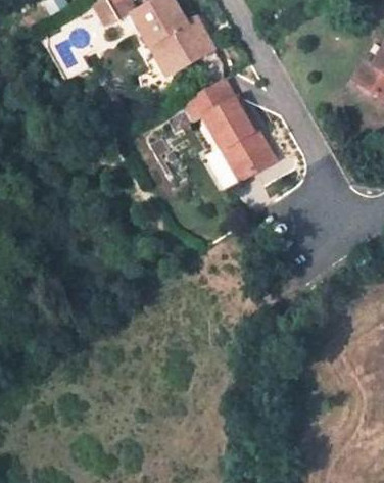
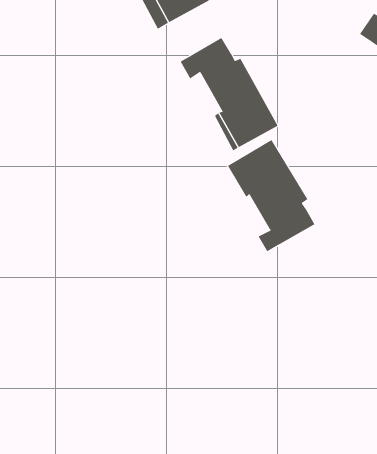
building: none -> [227,139,315,252]

